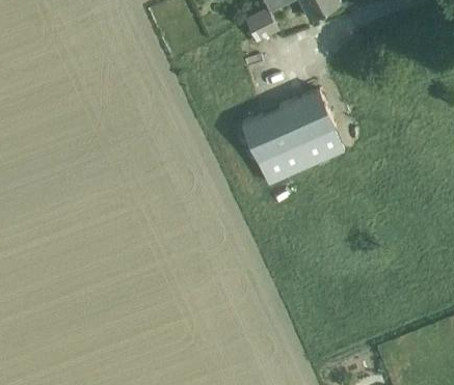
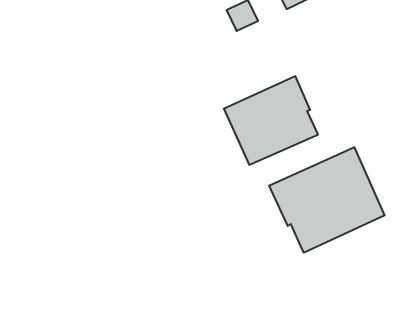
building: none -> [269,147,385,253]

